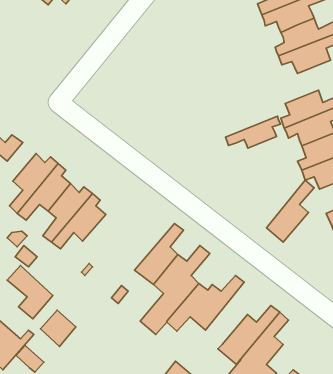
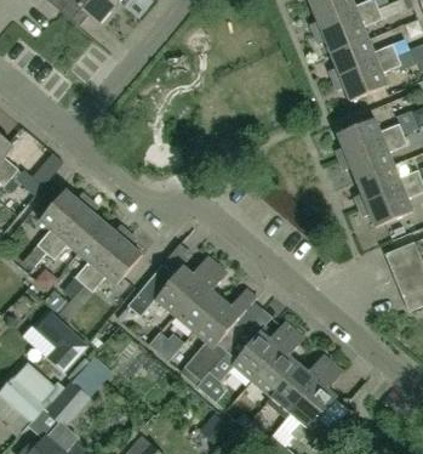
building: [225,116,280,148] -> none
building: [266,180,314,242] -> [252,329,304,397]
building: none -> [127,256,218,317]

